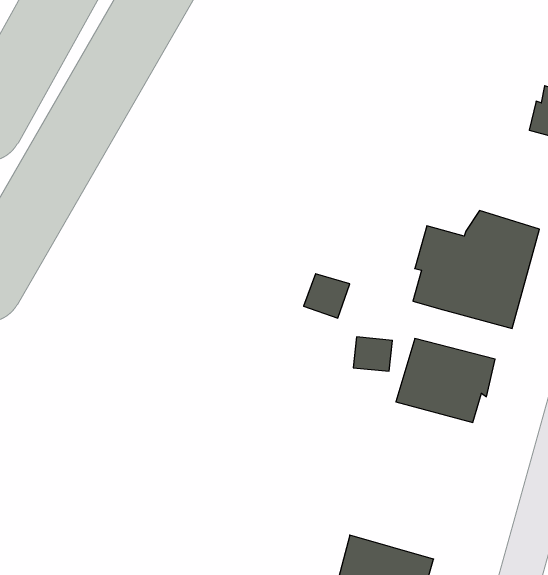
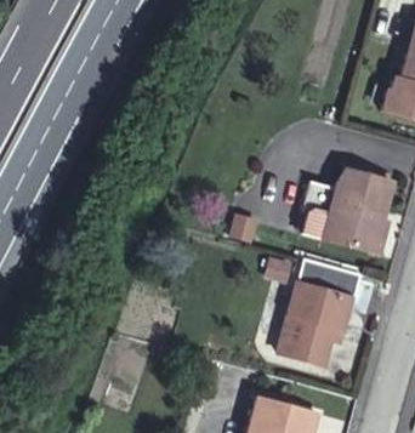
building: none -> [277,301,346,363]

